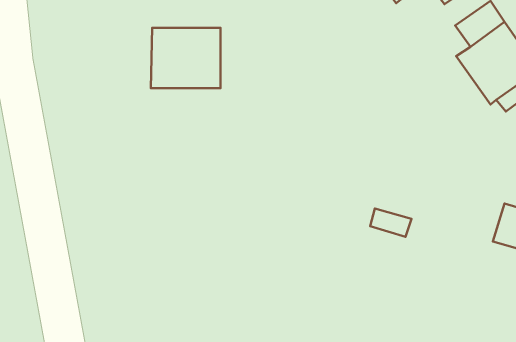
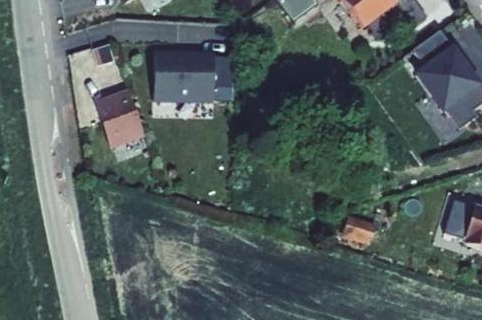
building: none -> [97,93,145,147]

